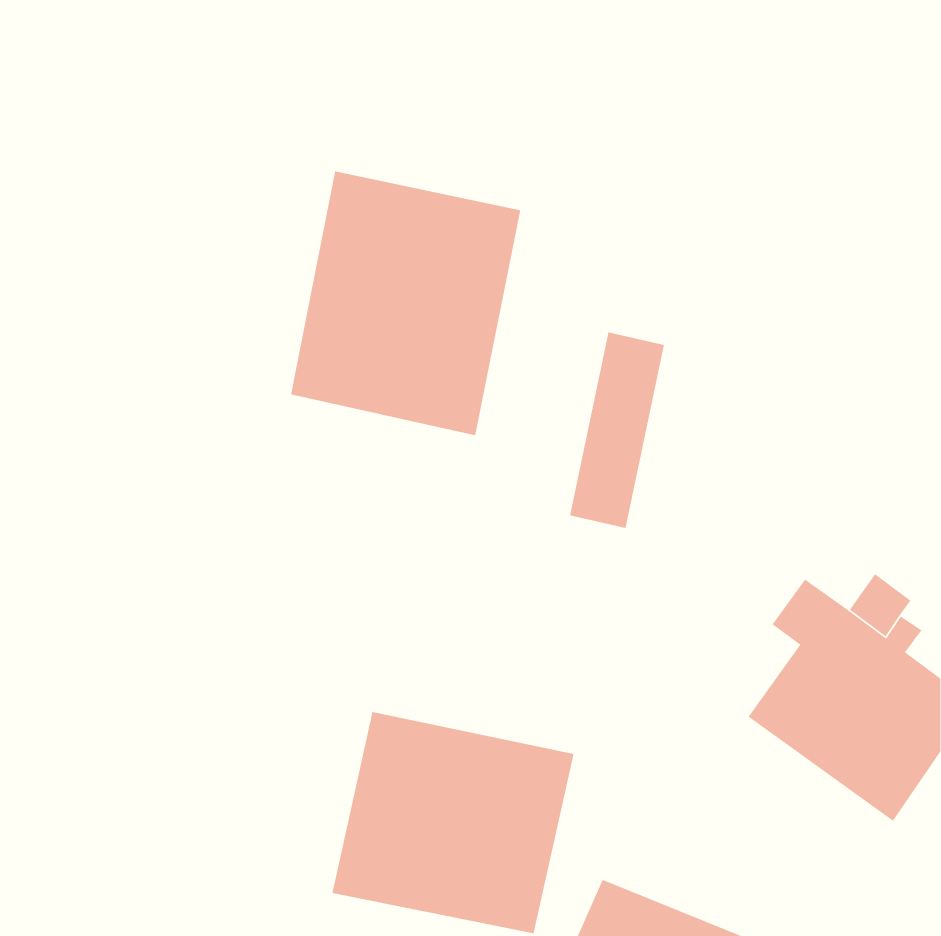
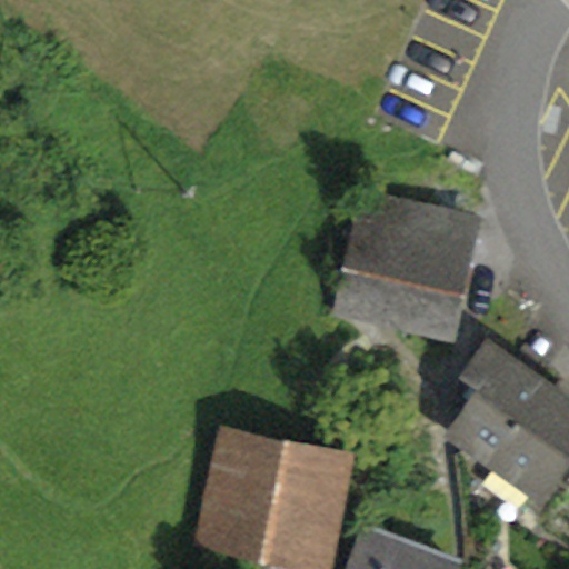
building: [290,171,521,436] -> none
building: none -> [378,211,473,339]

